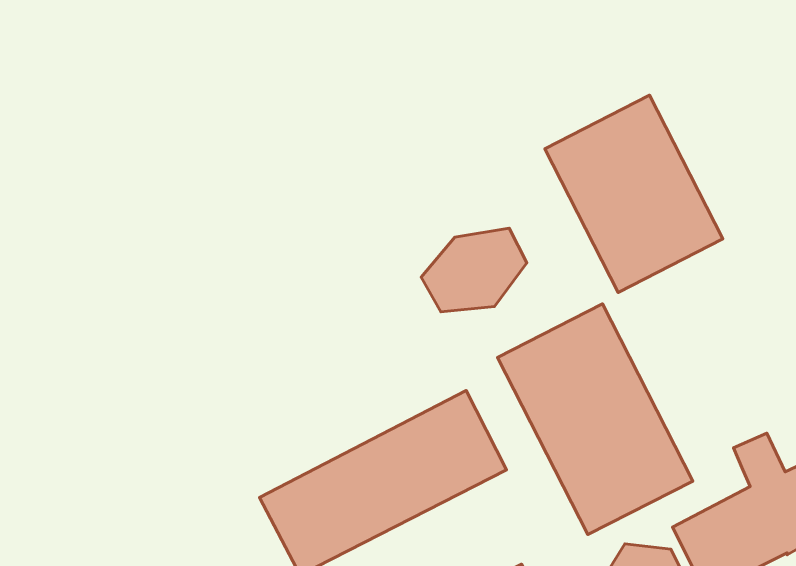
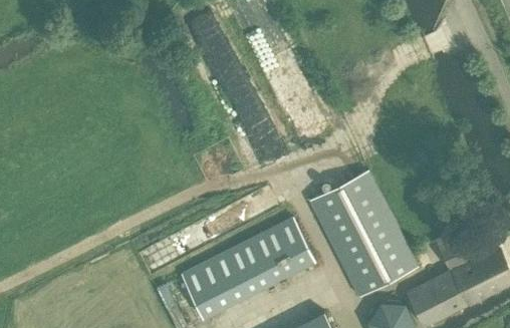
building: [545,95,723,292] -> none
building: [421,228,527,312] -> none

